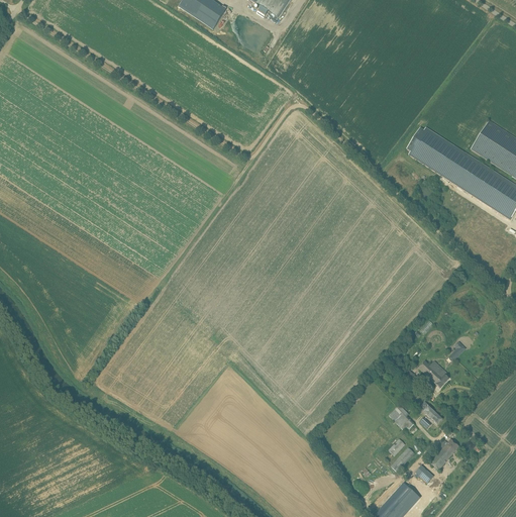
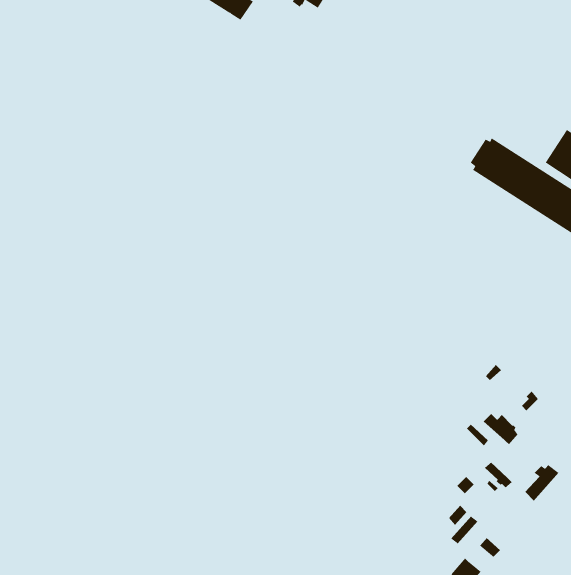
building: [430,438,459,470] -> [524,464,559,501]

